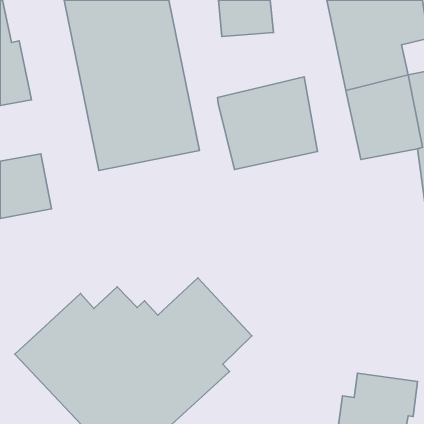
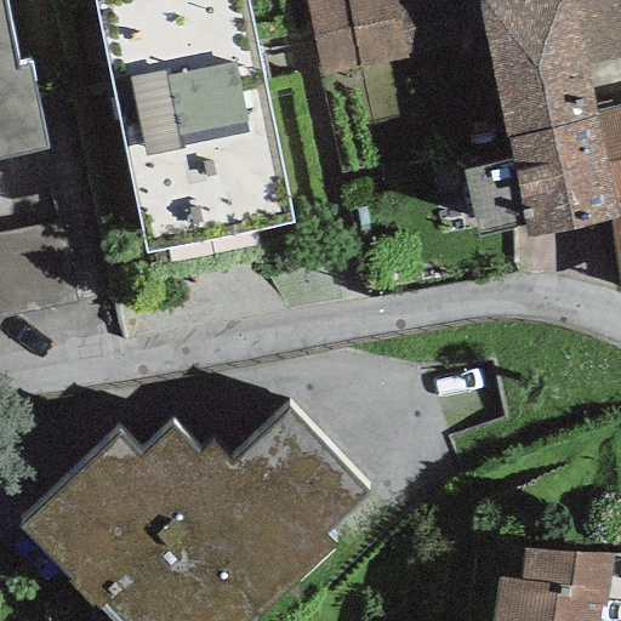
building: [218,77,318,170] -> none

